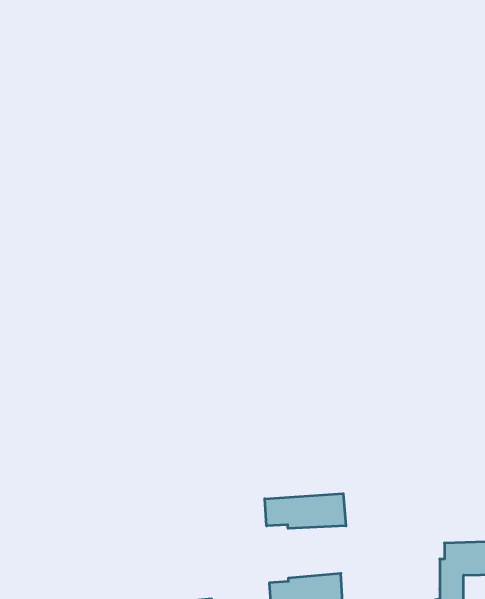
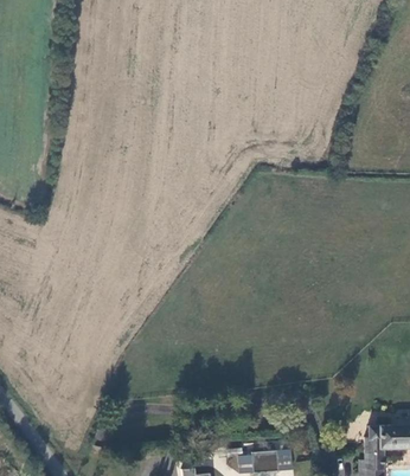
building: [265,494,346,528] -> none

